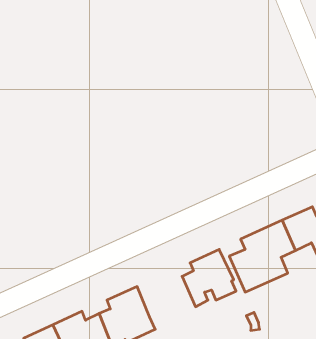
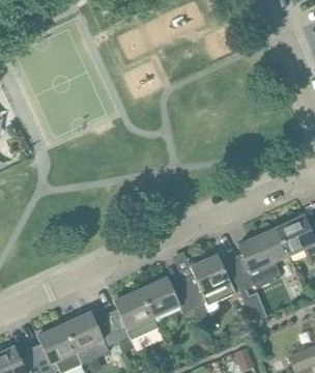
building: none -> [142,277,196,316]

